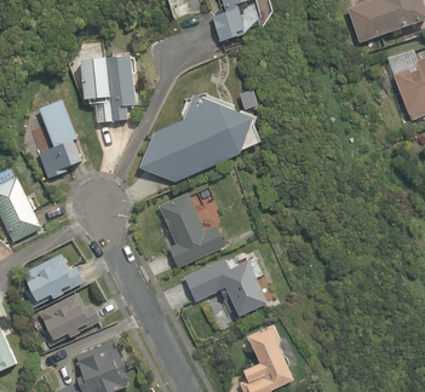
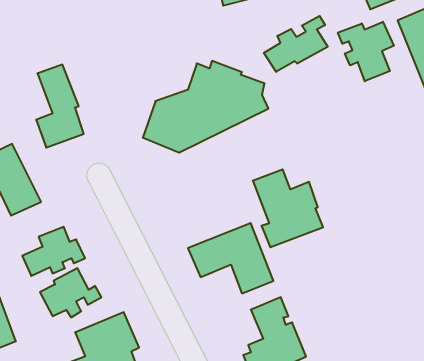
building: none -> [264,16,328,72]
building: [77,54,134,123] -> none
building: none -> [338,22,394,81]
building: [160,192,228,267] -> [253,169,323,247]

